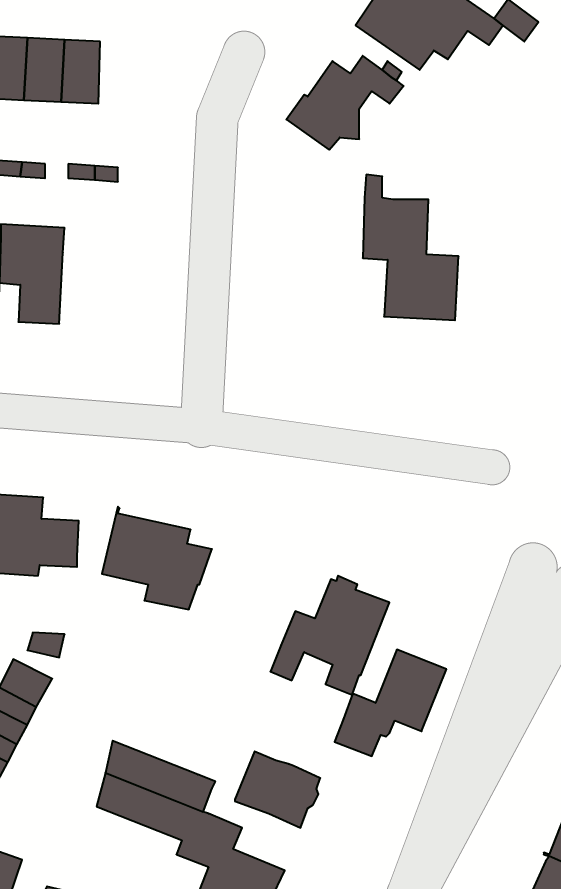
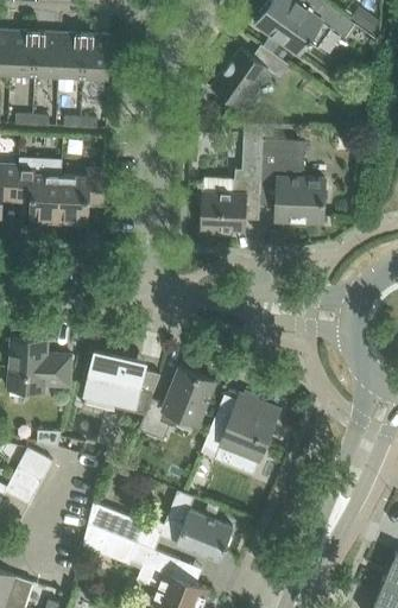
building: none -> [84,36,110,78]
building: none -> [202,125,264,234]
building: none -> [58,170,105,226]
building: [335,650,446,756] -> [139,369,214,441]

